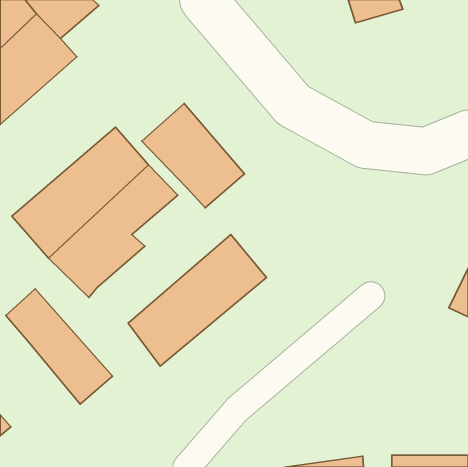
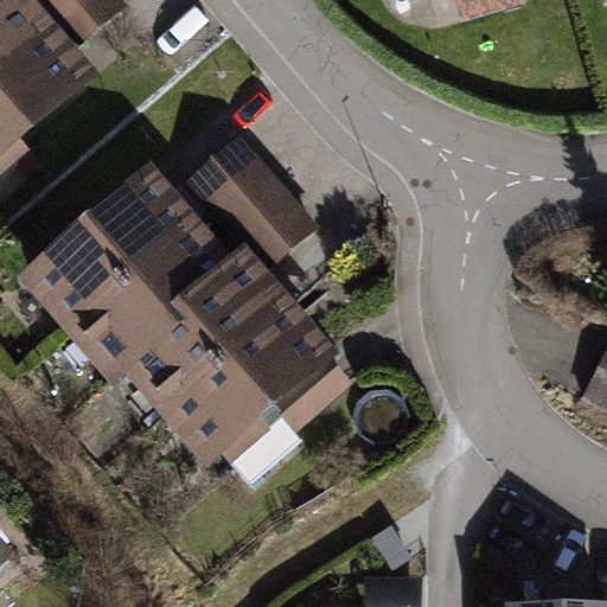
building: none -> [126,243,299,418]
building: [6,289,112,404] -> none

